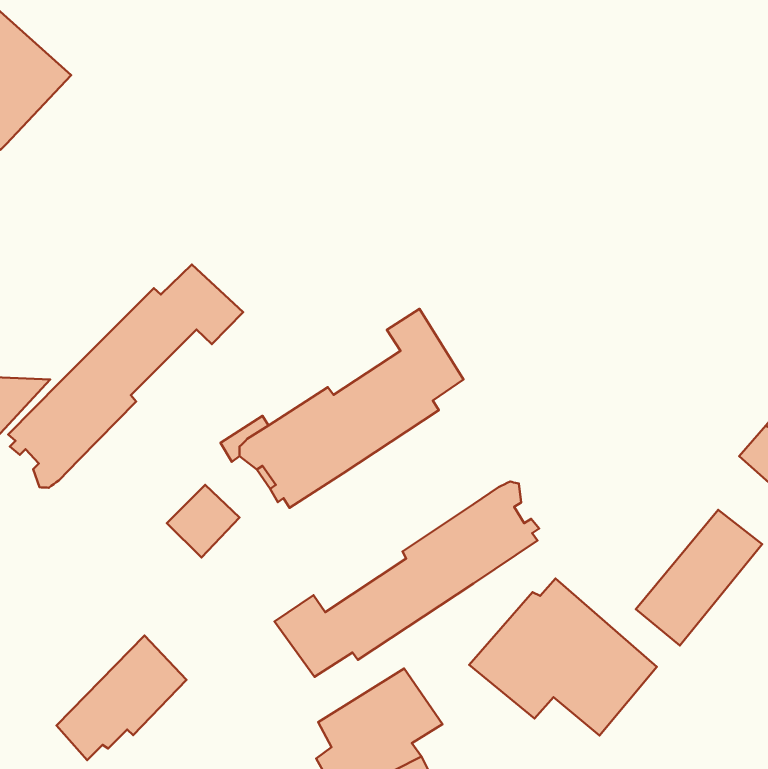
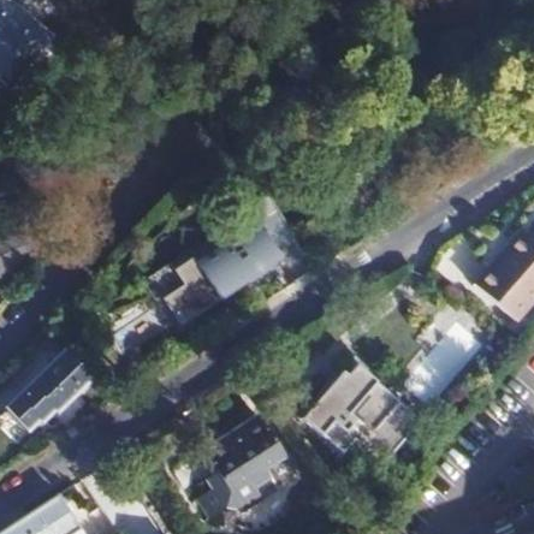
building: [8,264,243,488] -> none
building: [275,482,539,677] -> none
building: [56,636,187,760] -> [13,349,95,427]

